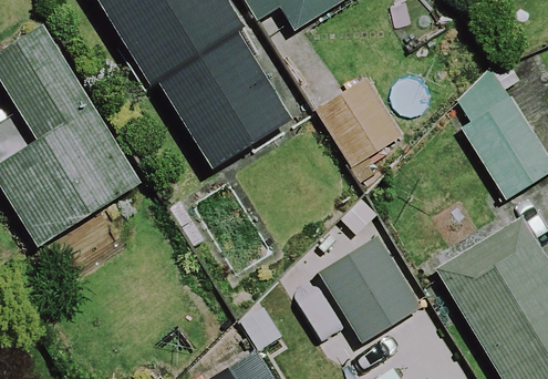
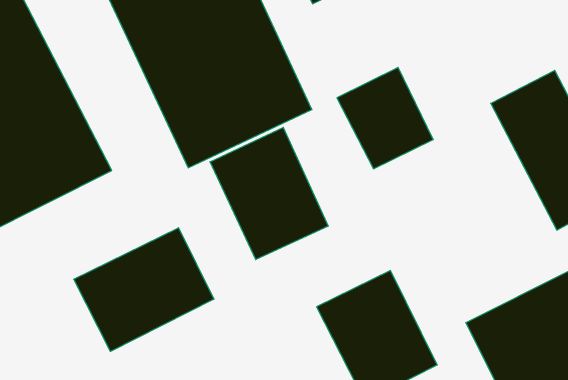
building: none -> [210,127,328,260]
building: none -> [74,228,214,351]

